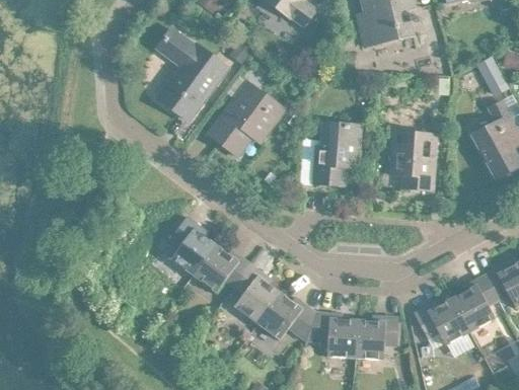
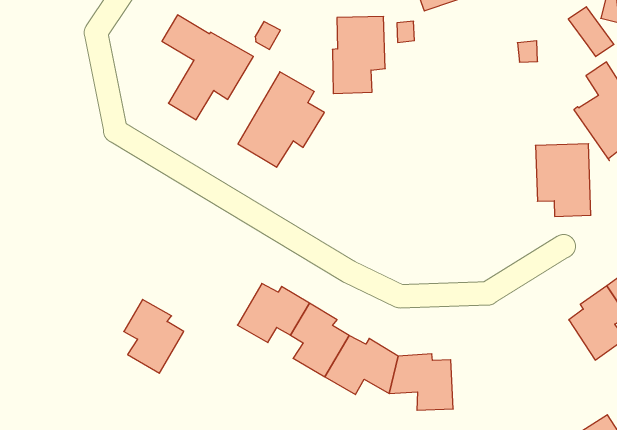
building: [314,124,360,184] -> [332,17,385,94]
building: [391,132,436,190] -> [535,144,591,216]
building: [169,217,216,276] -> [124,299,184,373]
building: [414,299,469,345] -> none
building: [355,316,398,360] -> none

